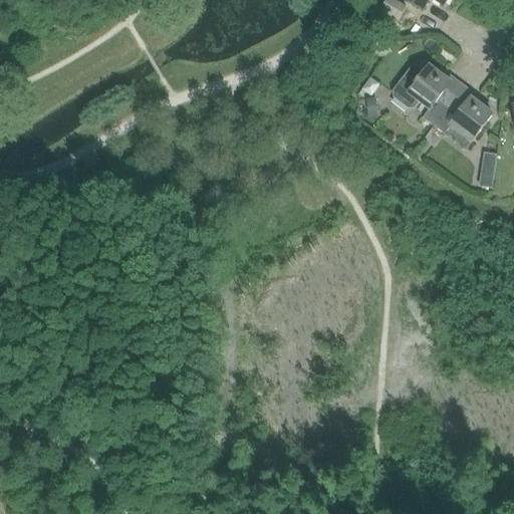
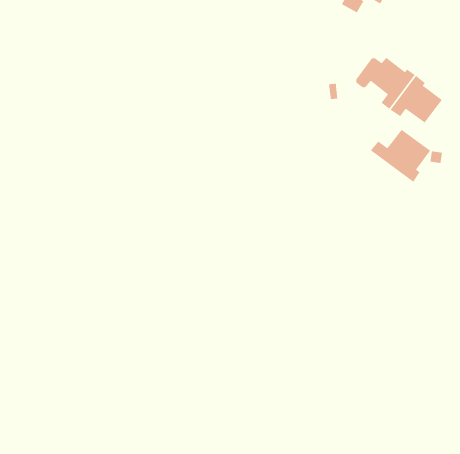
building: none -> [370,129,431,183]

